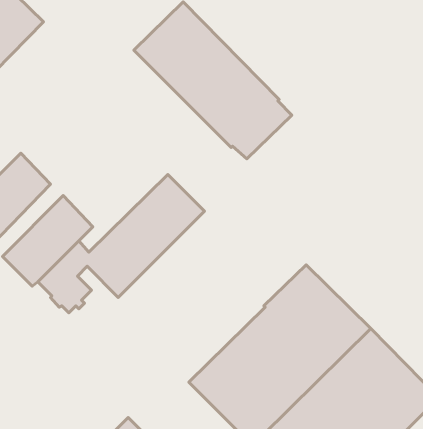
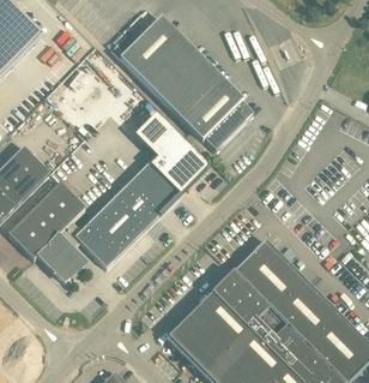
building: none -> [135,113,208,193]

